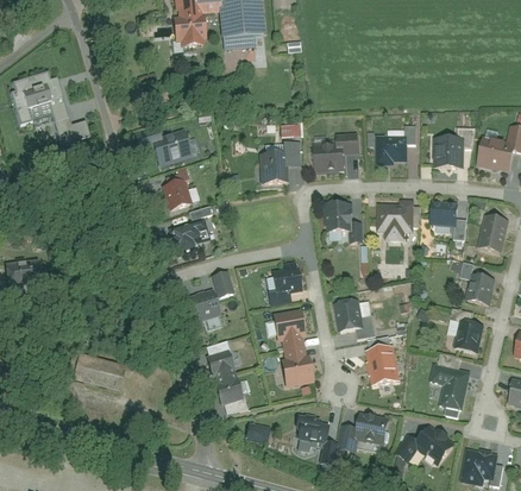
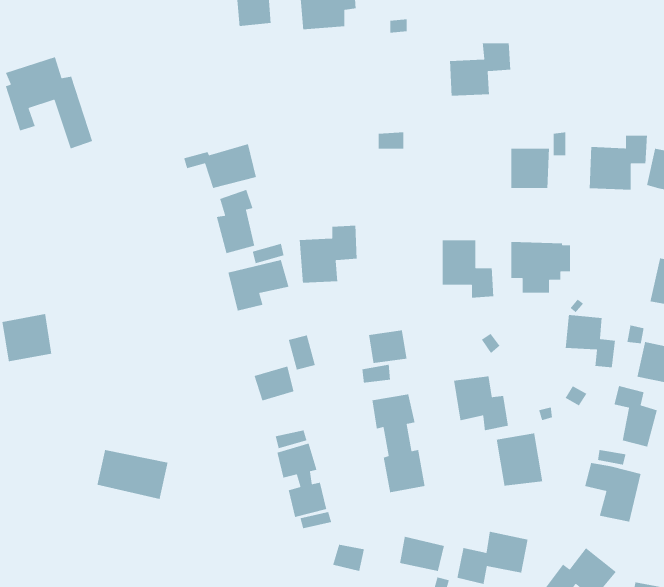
building: [314,132,359,171] -> [449,42,511,96]
building: [258,141,301,184] -> [299,225,358,284]
building: [431,201,467,240] -> [565,314,616,368]

